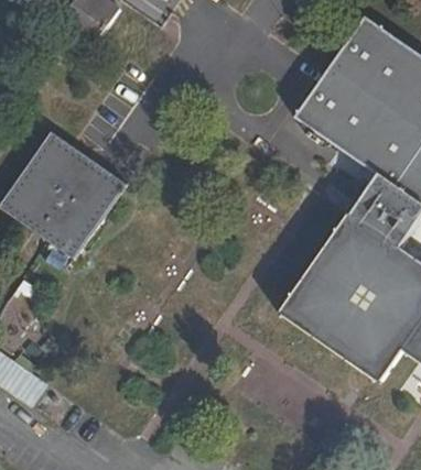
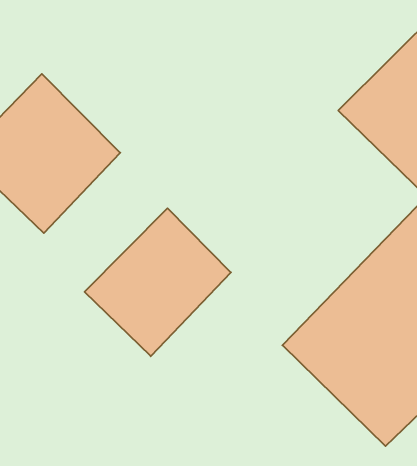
building: none -> [85,208,231,356]

